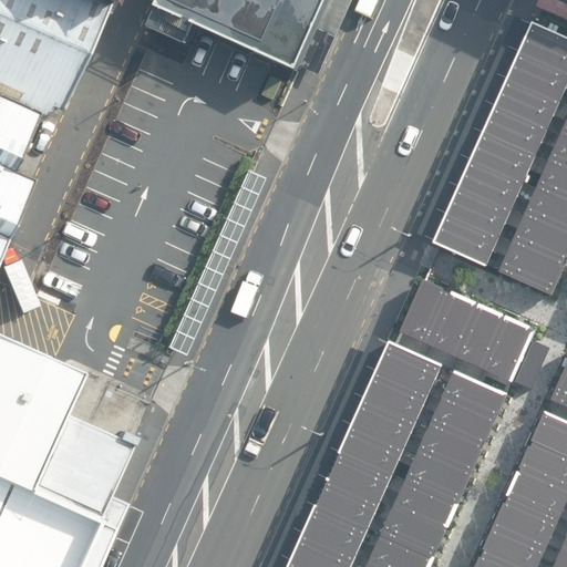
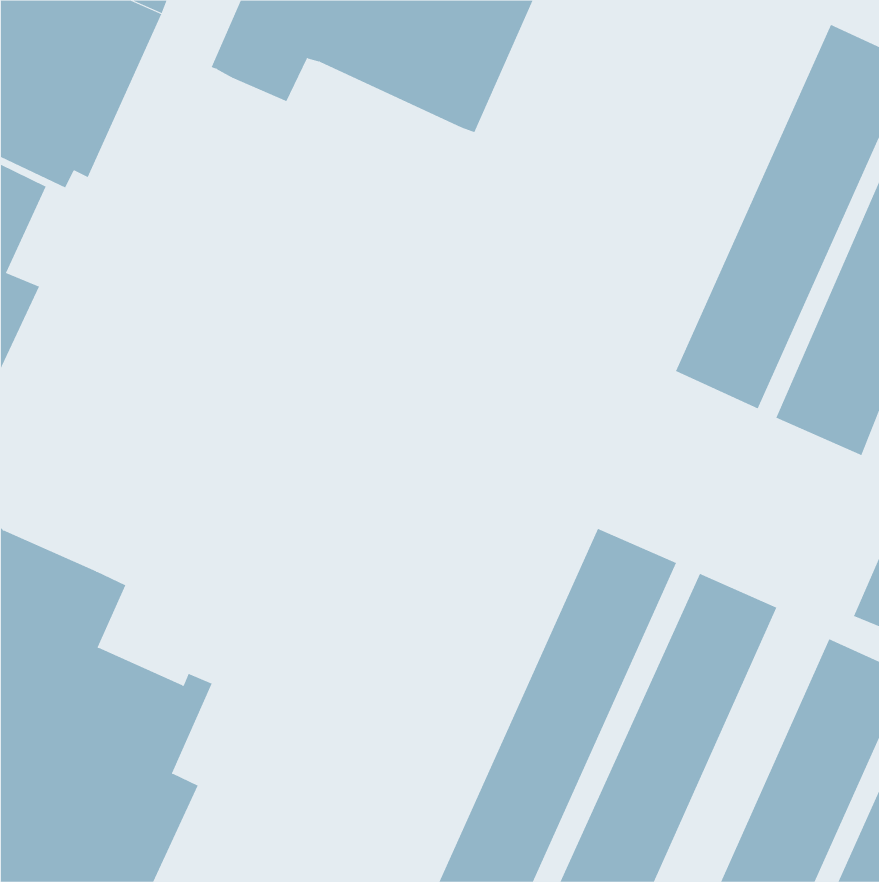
building: [400,272,539,380] -> none

